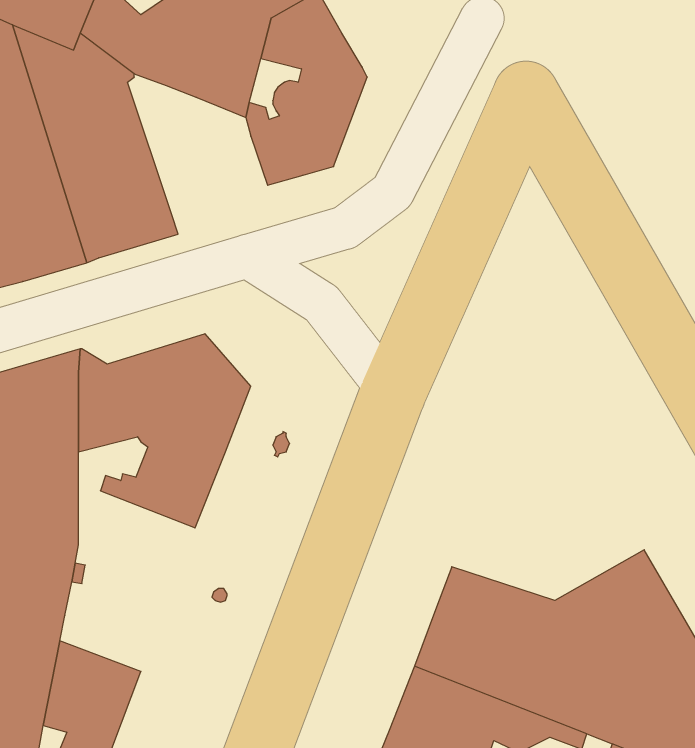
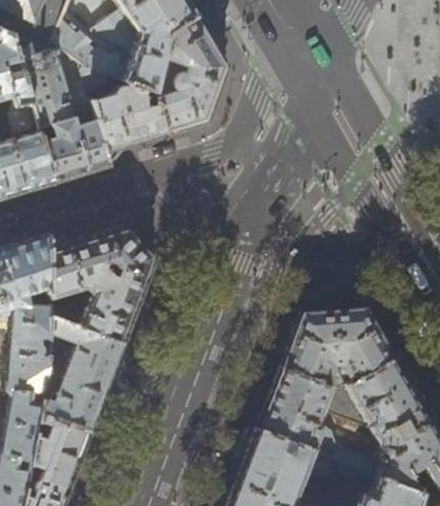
building: none -> [82,68,167,166]
building: none -> [280,308,398,390]
building: none -> [40,318,123,434]

